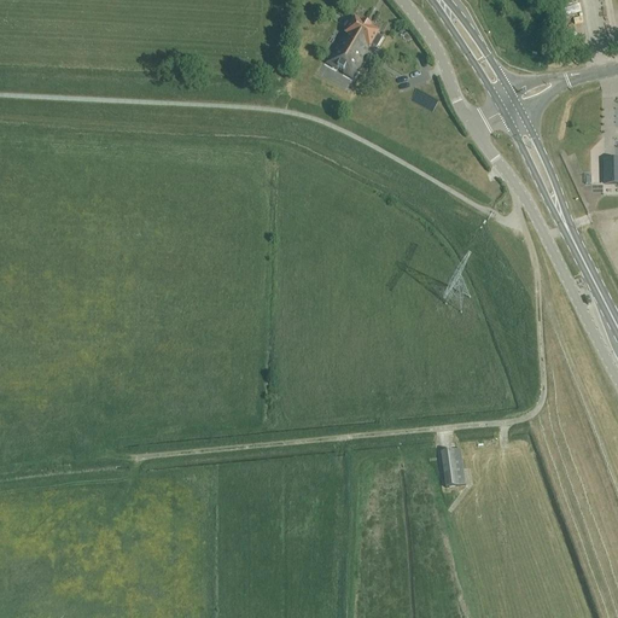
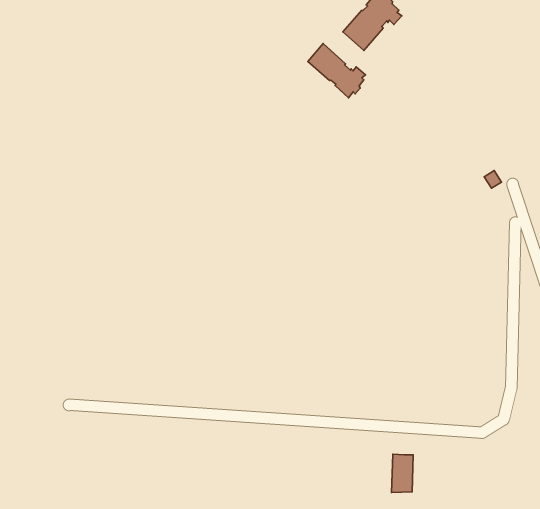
building: none -> [308,44,365,98]

